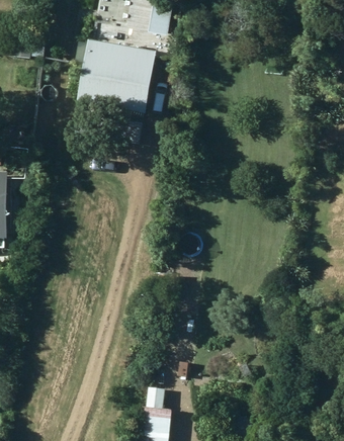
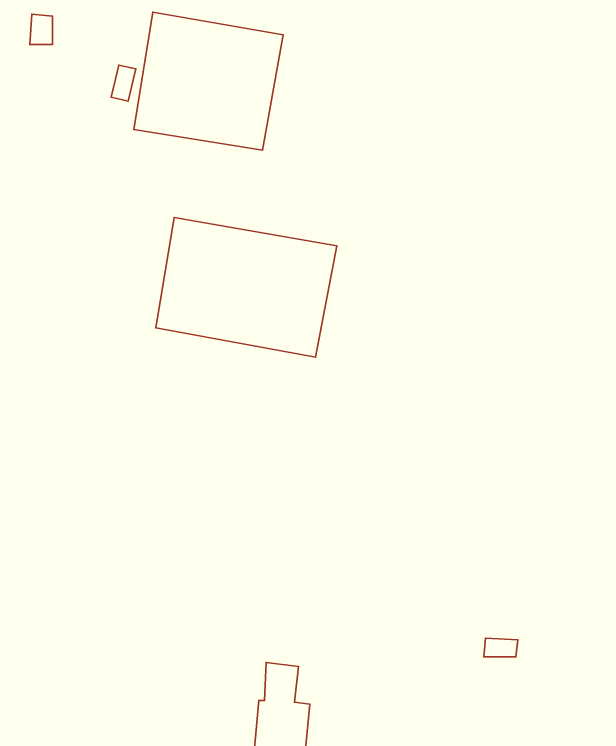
building: none -> [156,218,337,357]

